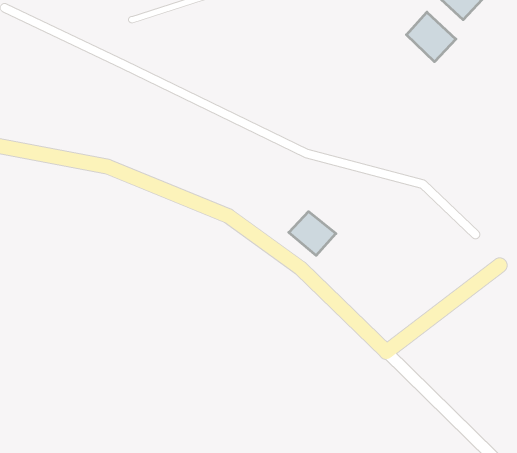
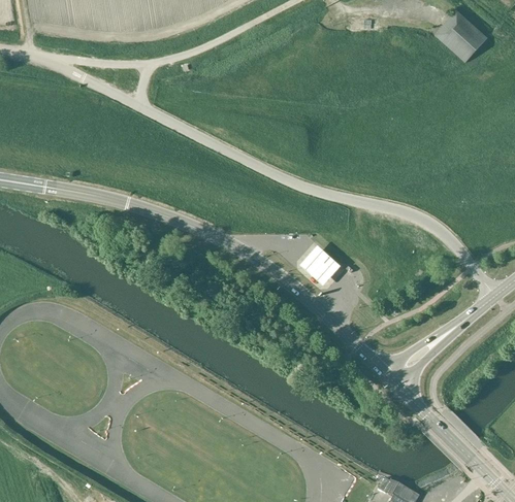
building: [406,12,456,62] -> none

